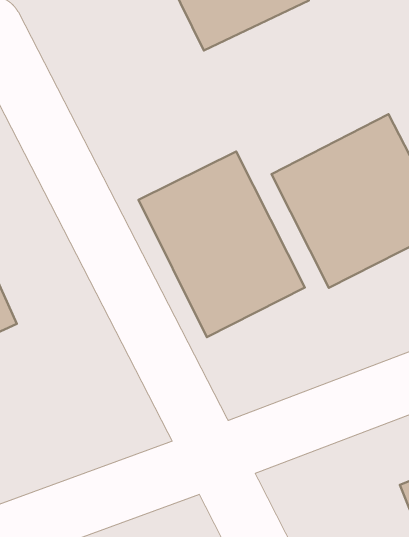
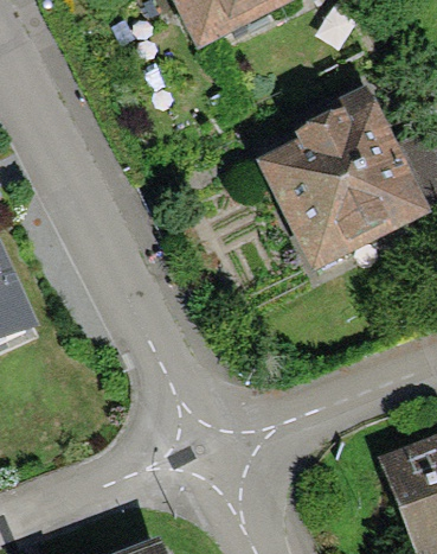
building: [138,151,305,337] -> none

